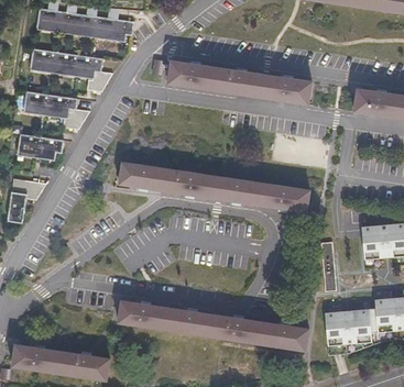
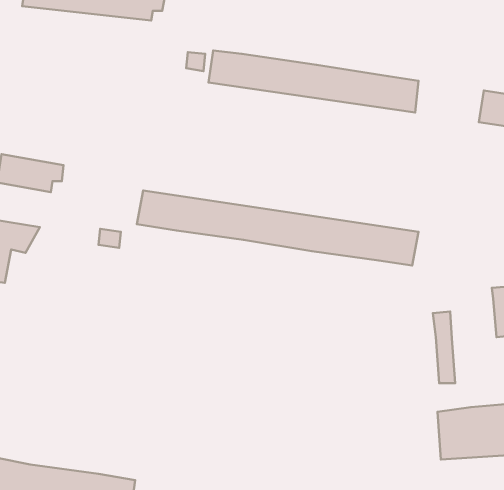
building: [31,48,113,91] -> none
building: [25,91,90,130] -> none
building: [117,299,309,351] -> none

